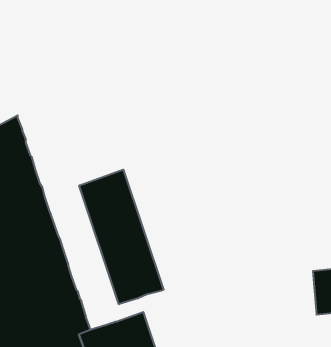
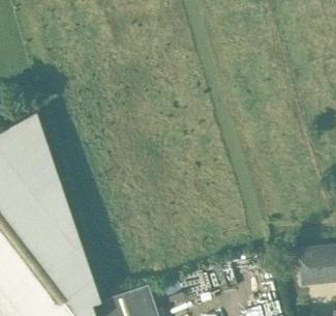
building: [79,170,164,304] -> none

